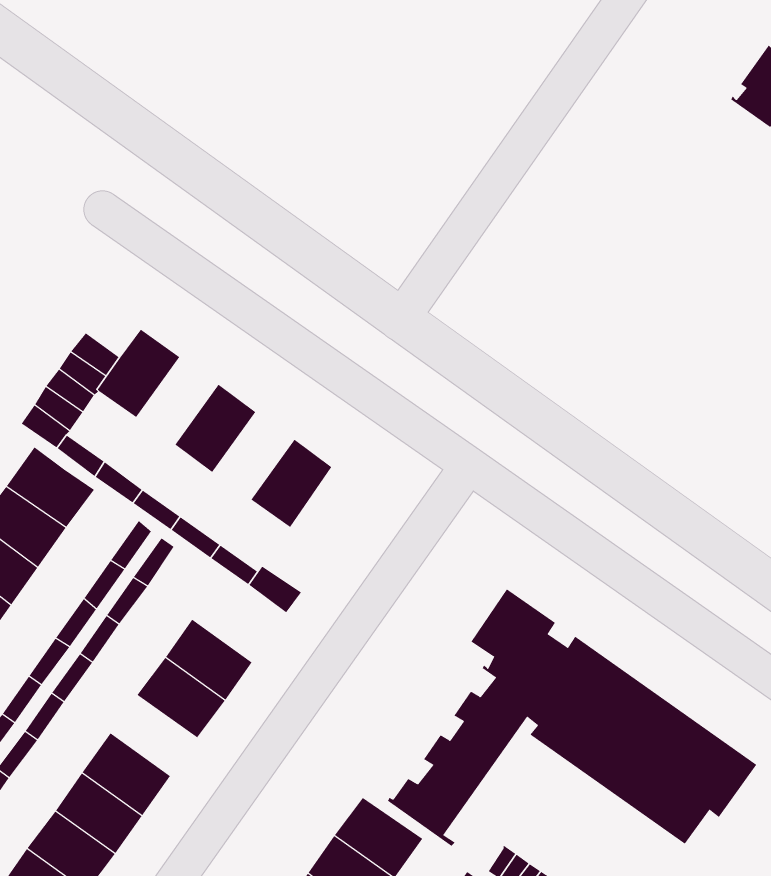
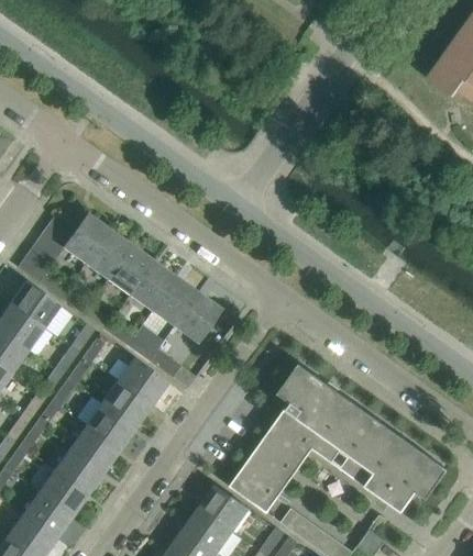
building: none -> [85,229,132,279]
building: none -> [129,260,176,311]
building: none -> [174,292,221,343]
building: none -> [117,357,168,405]
building: none -> [69,424,120,471]

